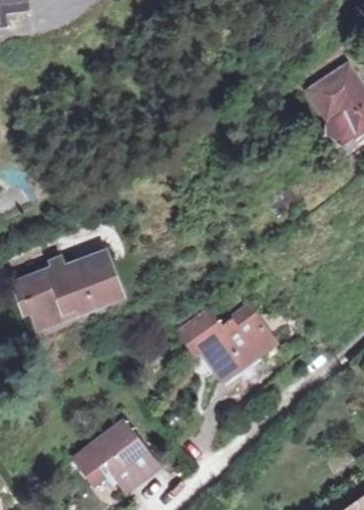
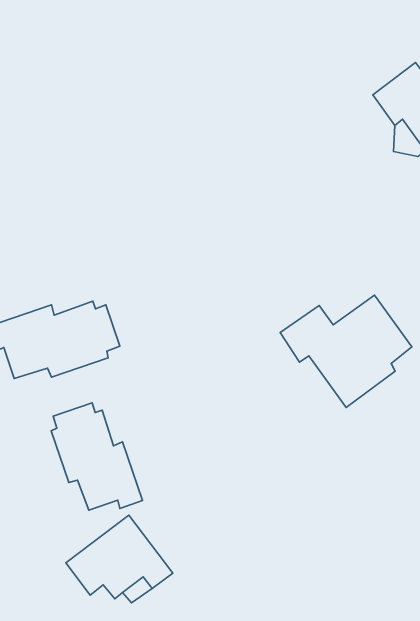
building: [175,303,278,391] -> [280,295,412,407]
building: none -> [51,403,143,510]

